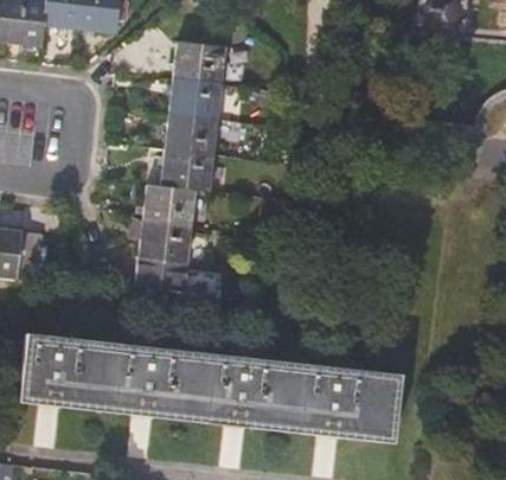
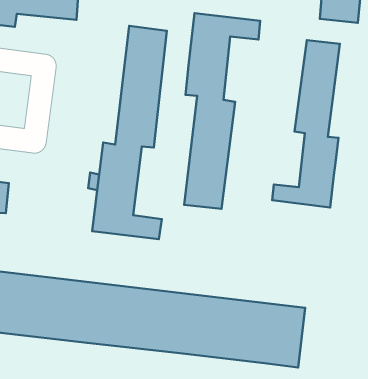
building: none -> [184,13,260,209]
building: none -> [272,40,340,207]

